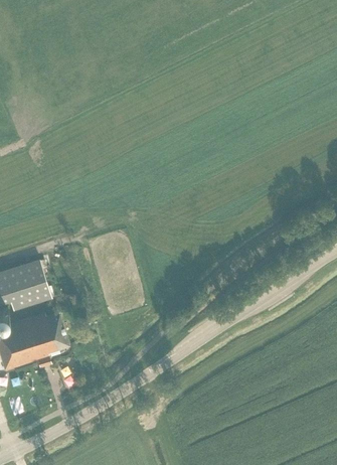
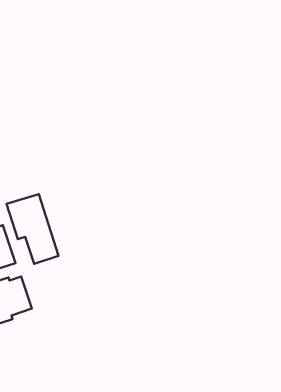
building: none -> [6,194,58,264]

